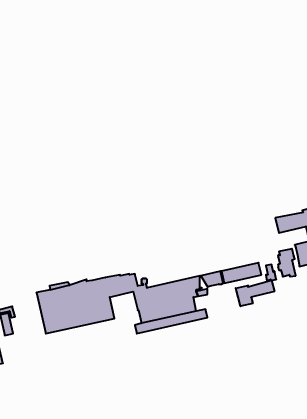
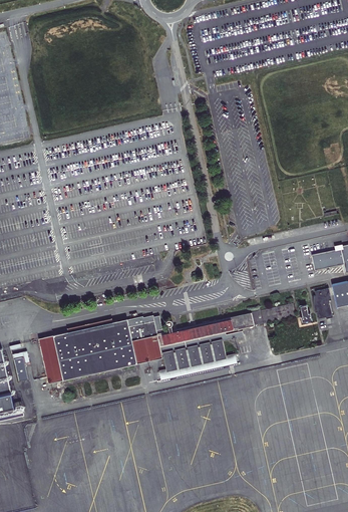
building: [236,280,274,306] -> none
building: none -> [131,335,161,364]
building: none -> [38,336,62,385]

